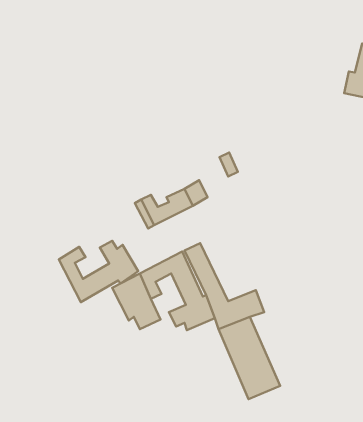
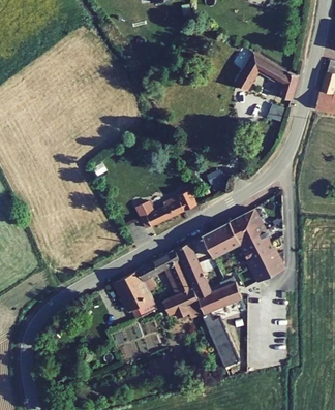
building: none -> [237,54,298,102]
building: none -> [202,210,284,282]
building: [59,241,138,302] -> none

